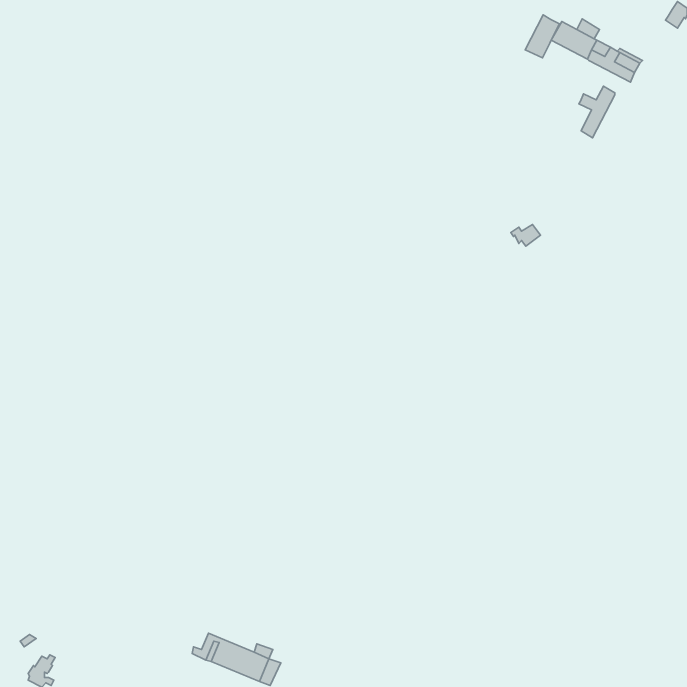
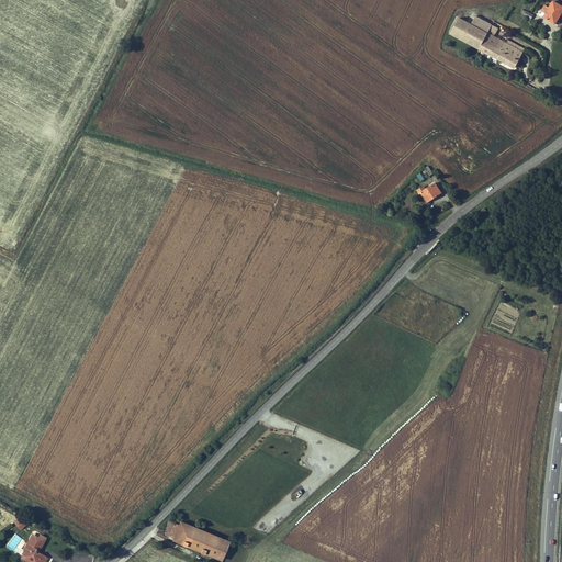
building: [525,15,560,58] -> none
building: [579,86,615,138] -> none

